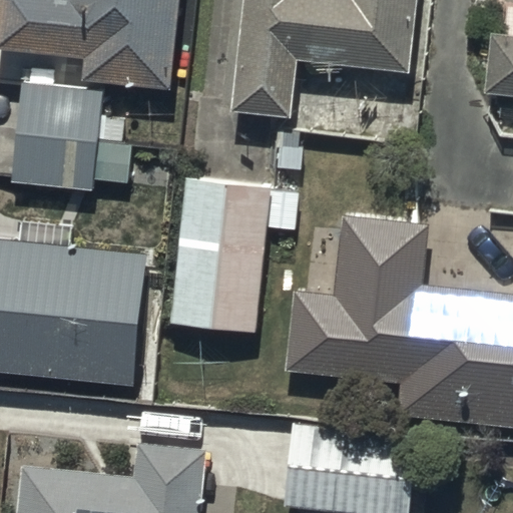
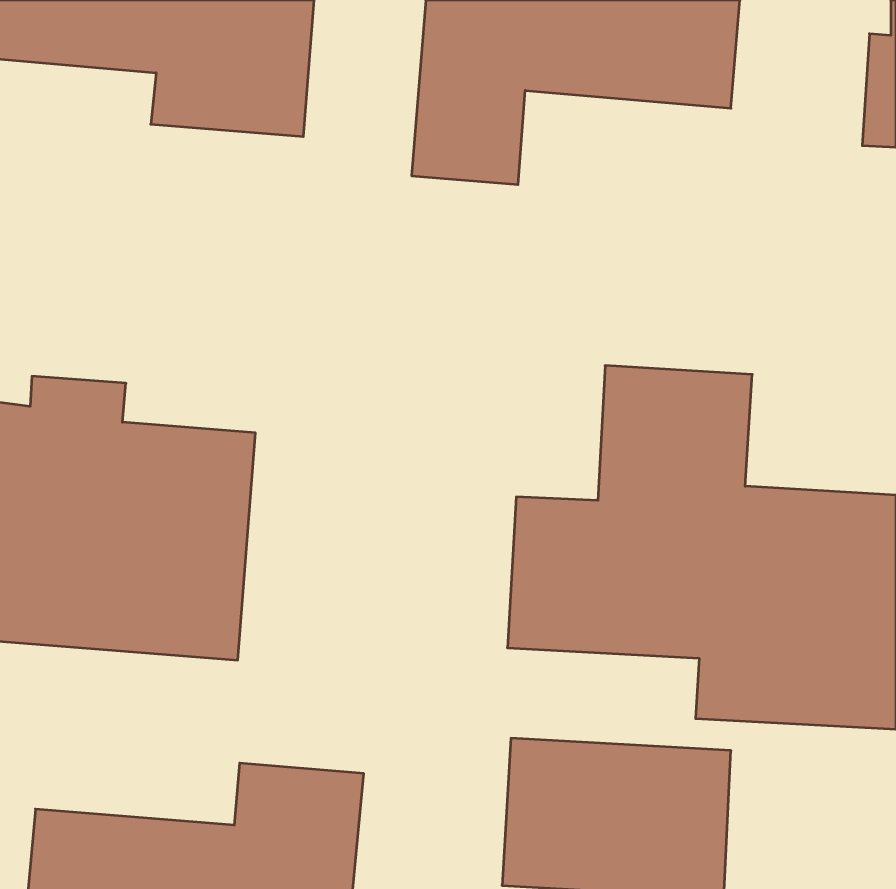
building: [10,81,130,193] -> none
building: [171,174,269,333] -> none

